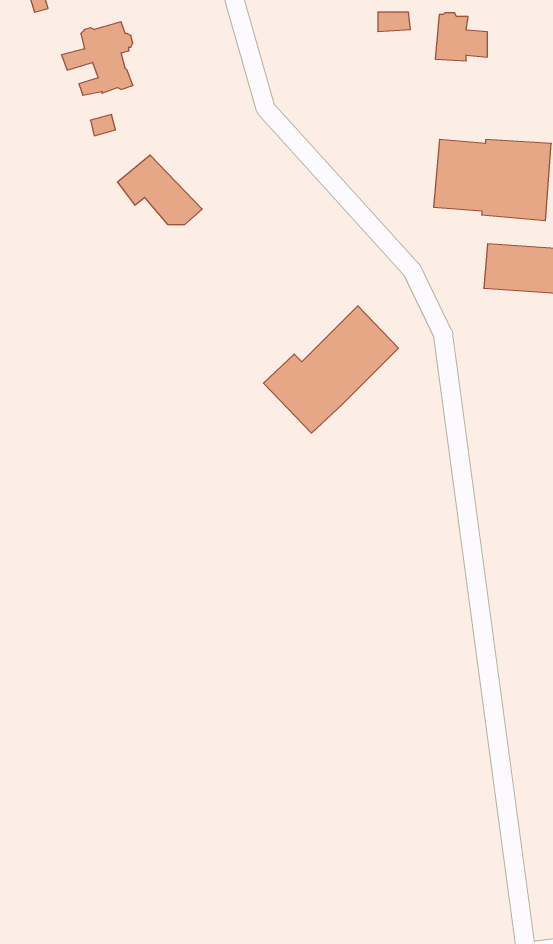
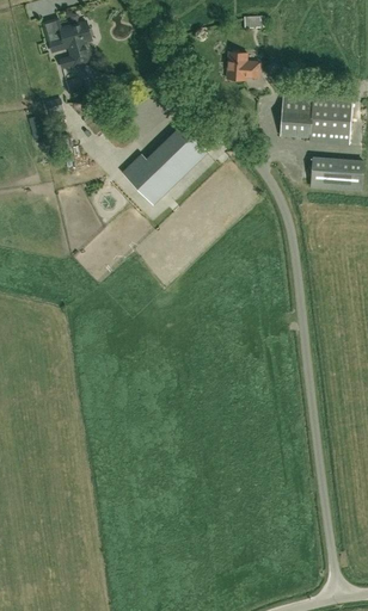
building: [435,13,487,61] -> [225,50,257,80]
building: [263,306,398,433] -> [122,124,206,203]

